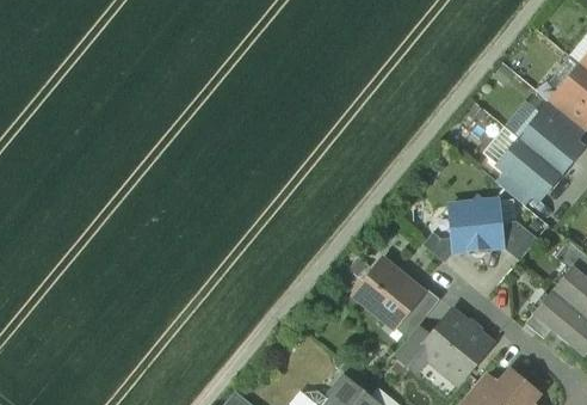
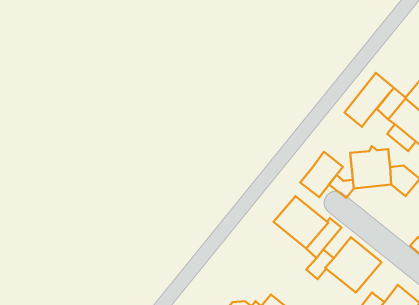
building: none -> [345,73,394,127]
building: none -> [300,152,343,197]

